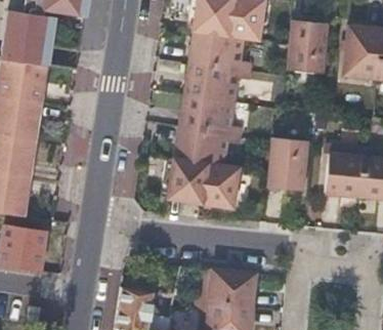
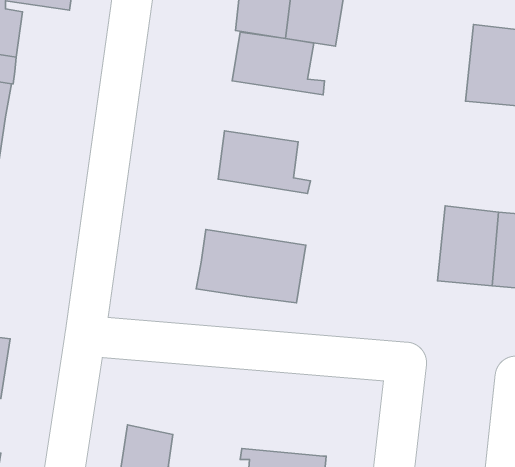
building: [288,20,327,74] -> none
building: [185,63,250,102] -> none
building: [173,127,240,170] -> none
building: [268,138,306,191] -> none
building: [197,270,255,308] -> none

